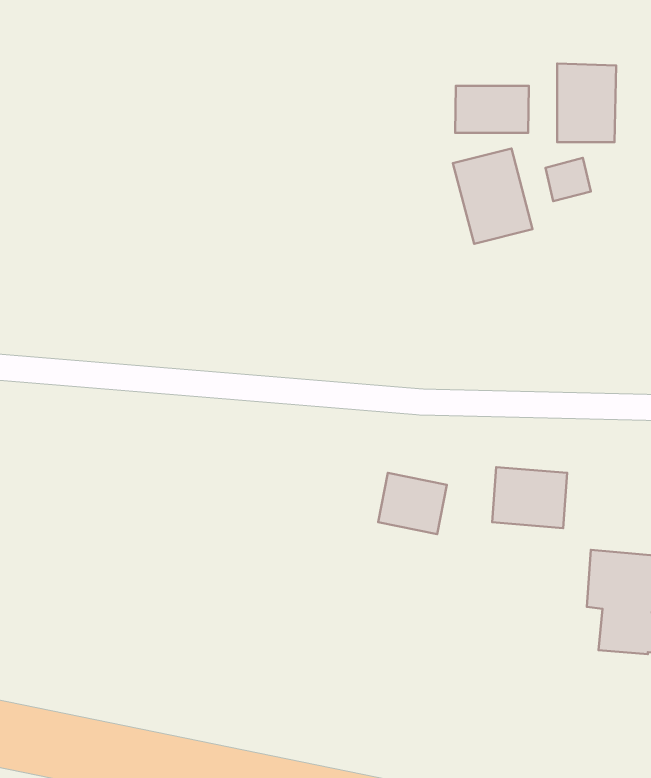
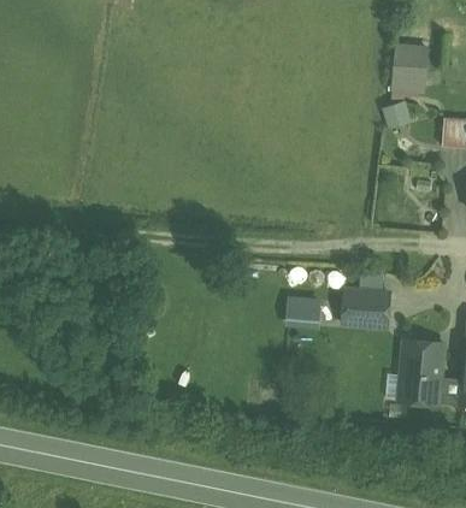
building: [455,86,529,133] -> none
building: [453,149,533,244] -> none

